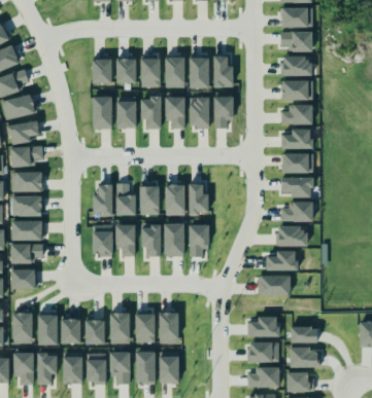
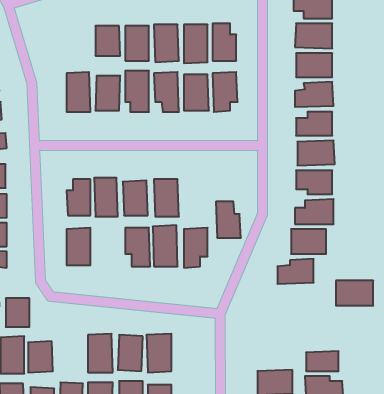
building: [92,59,112,82] -> none
building: [189,183,209,213] -> [216,202,241,238]
building: [115,224,135,255] -> none
building: [260,275,291,295] -> [336,281,373,306]
building: [250,316,279,336] -> none
building: [86,320,105,343] -> [6,298,29,327]

